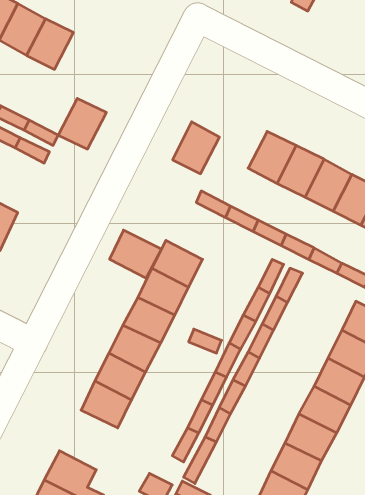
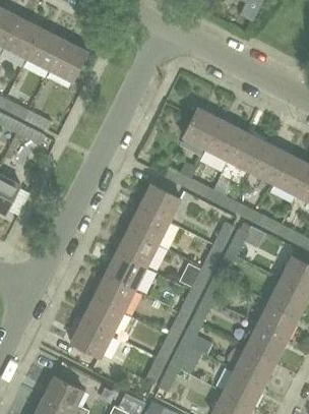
building: [58,98,106,149] -> [49,40,87,80]
building: [173,122,219,174] -> [182,107,220,149]
building: [110,230,161,278] -> [138,183,180,222]

